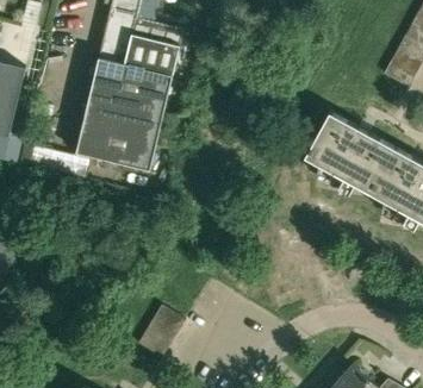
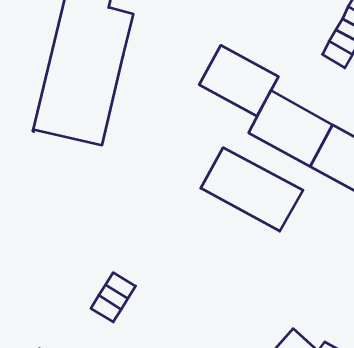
building: none -> [199,45,278,116]
building: none -> [201,148,303,231]

